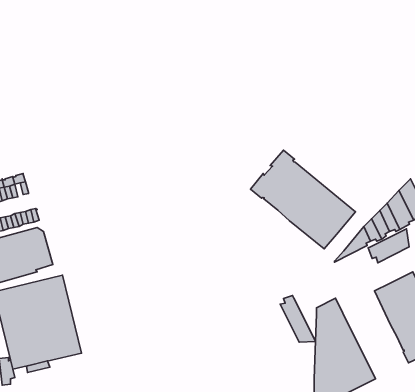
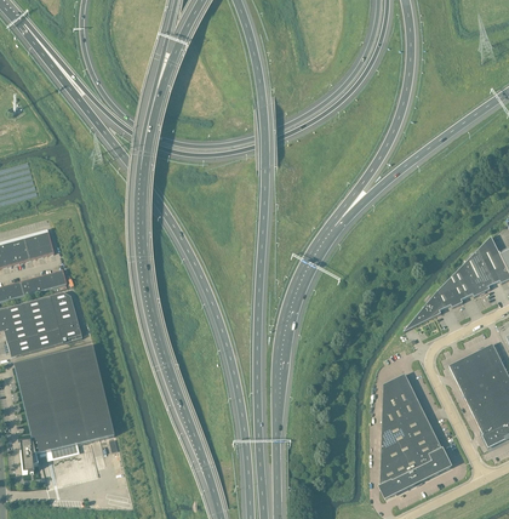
building: [251,150,356,249] -> none
building: [368,229,409,263] -> none
building: [280,295,316,342] -> none

